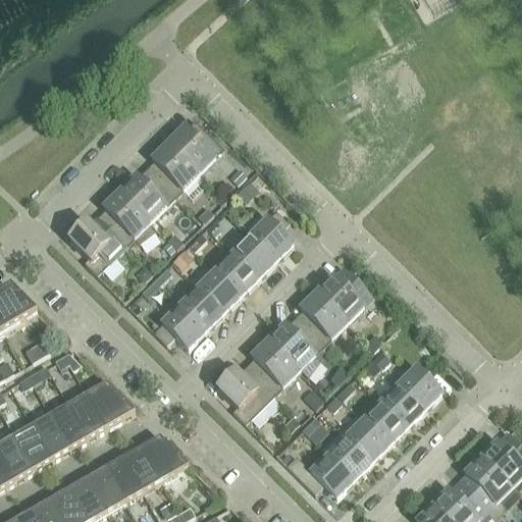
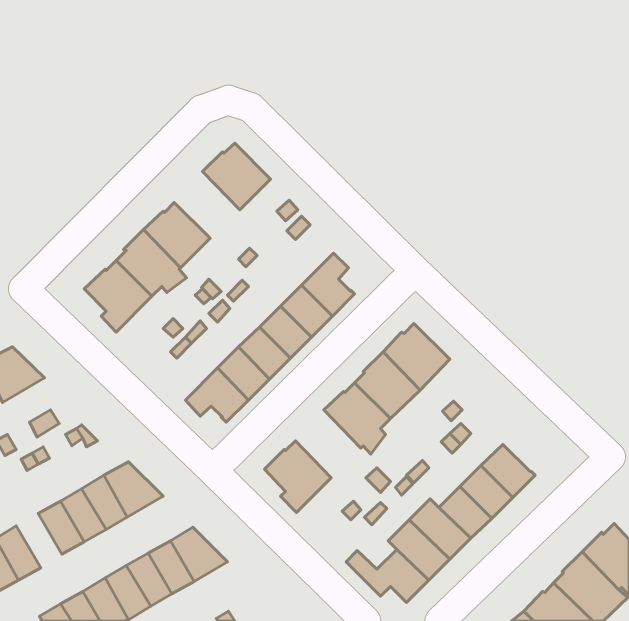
building: [144,142,198,197] -> none
building: [244,338,298,395] -> none
building: [13,424,51,469] -> none

